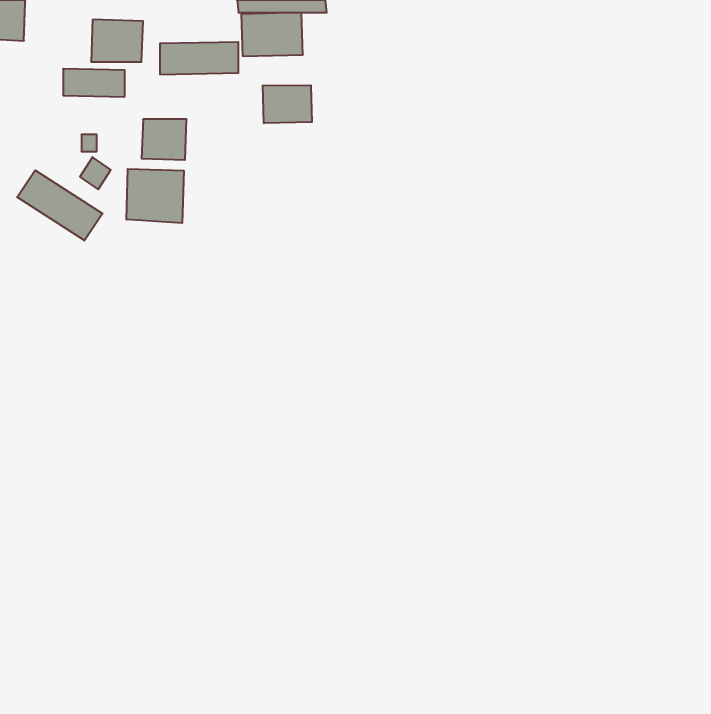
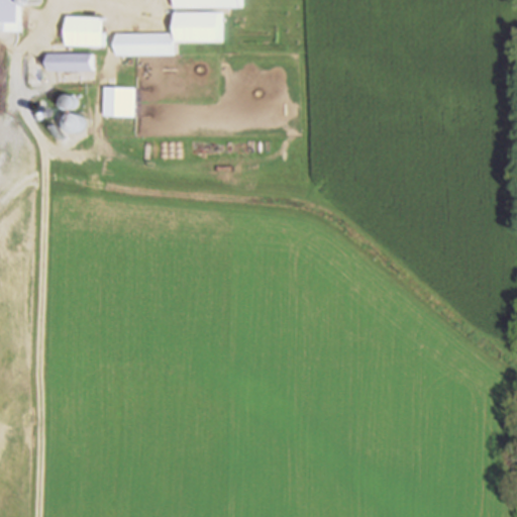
building: [263,85,312,123] -> none
building: [126,169,184,223] -> none
building: [17,170,103,241] -> none

